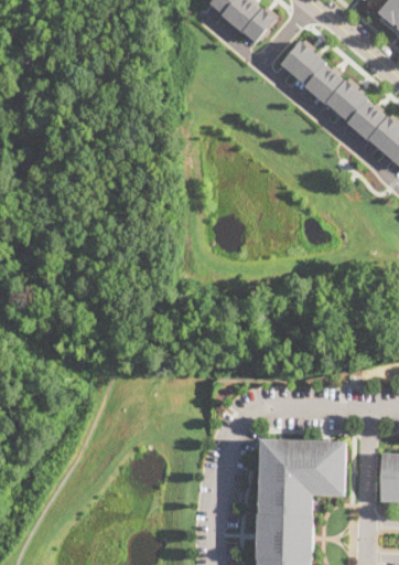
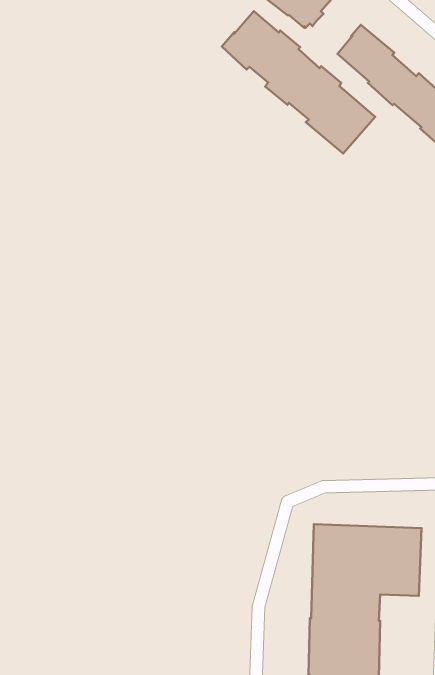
building: none -> [222,11,375,154]

